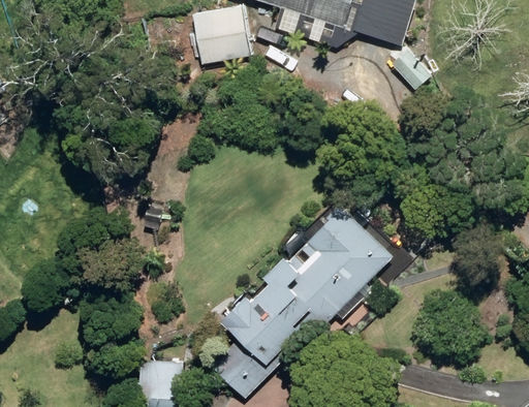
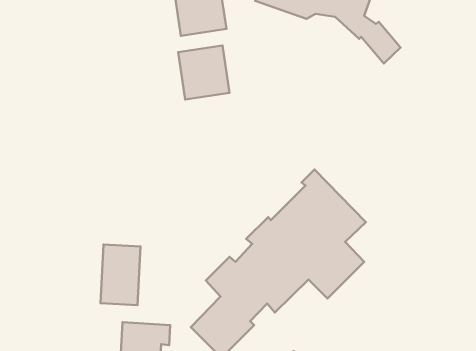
building: none -> [178,45,230,100]
building: none -> [100,245,141,305]

